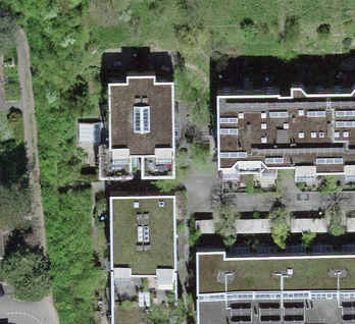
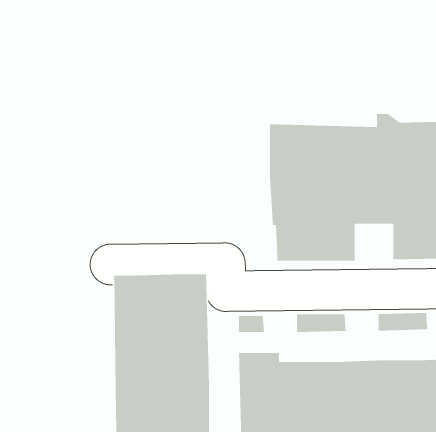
building: [98,77,173,177] -> none

